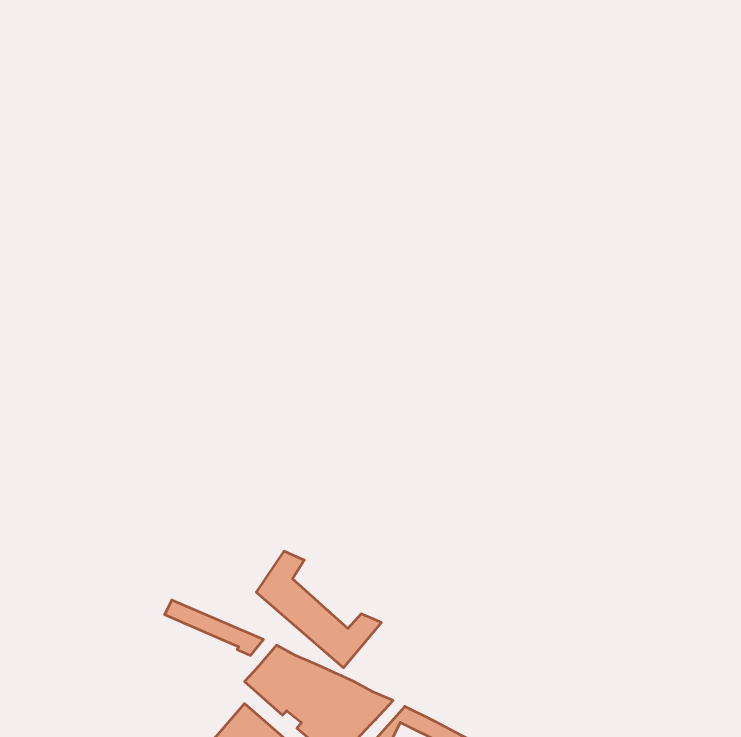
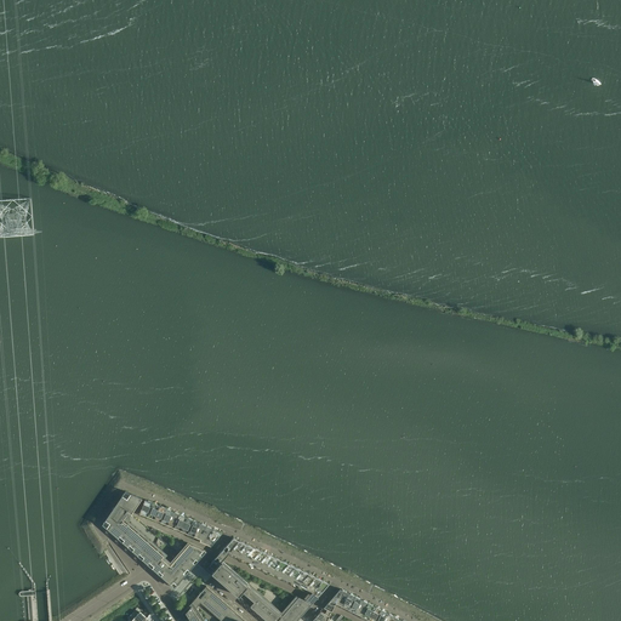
building: [256,551,381,668] -> [99,497,204,594]

